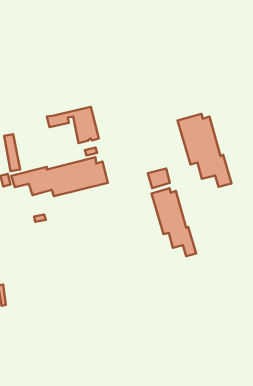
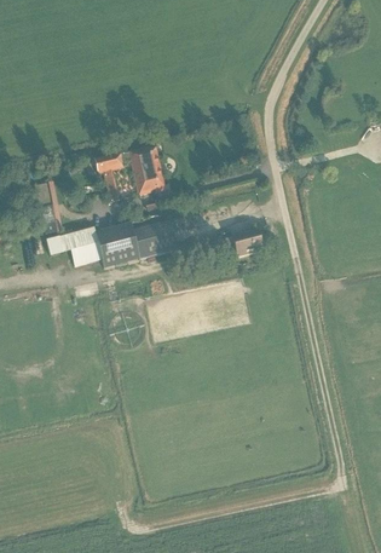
building: [178,114,232,187] -> none
building: [151,188,196,256] -> none

